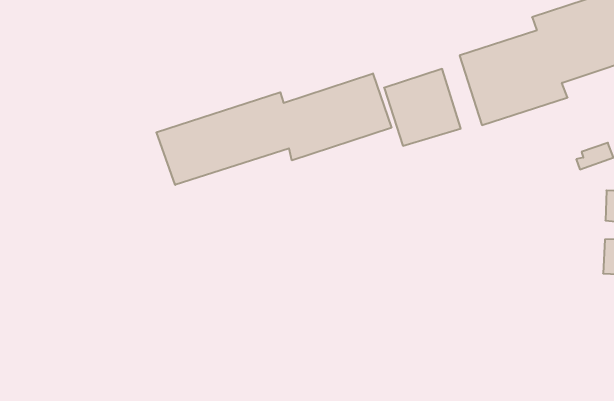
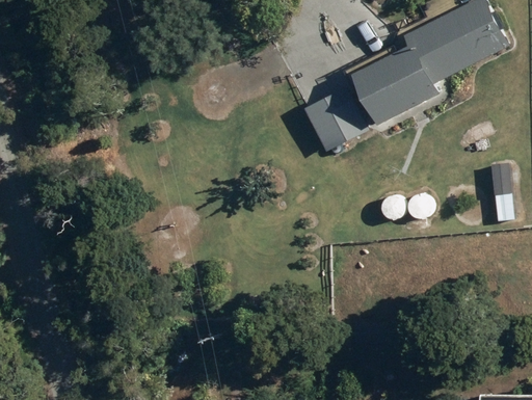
building: [156,73,391,185] -> none

